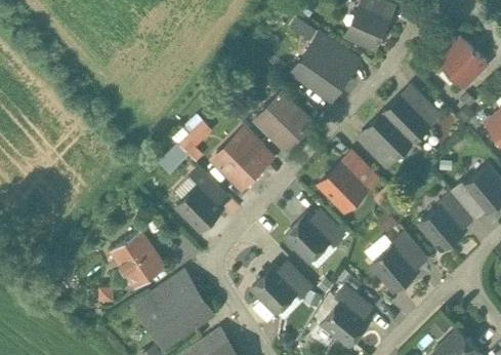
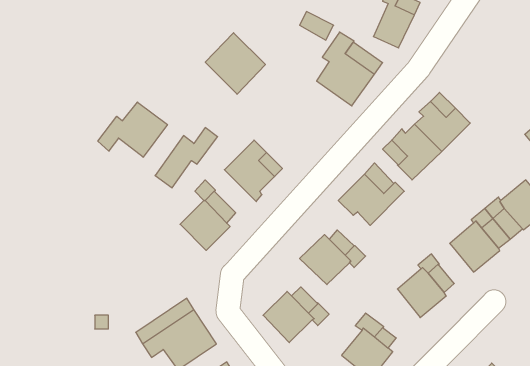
building: [439,40,485,87] -> none
building: [256,93,310,149] -> [205,33,265,94]
building: none -> [98,102,167,157]
building: [110,230,166,289] -> none

